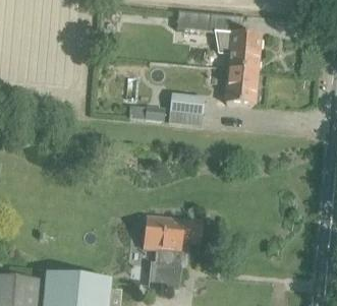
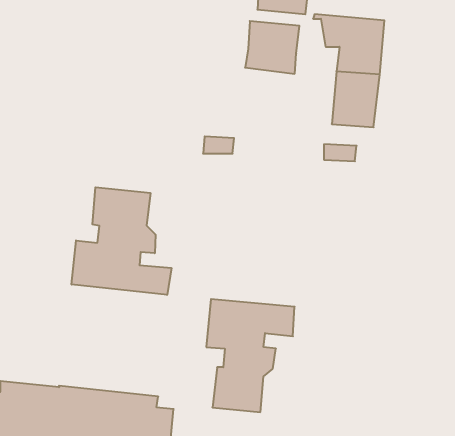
building: [167,89,203,124] -> [245,21,299,74]
building: none -> [72,187,171,295]

